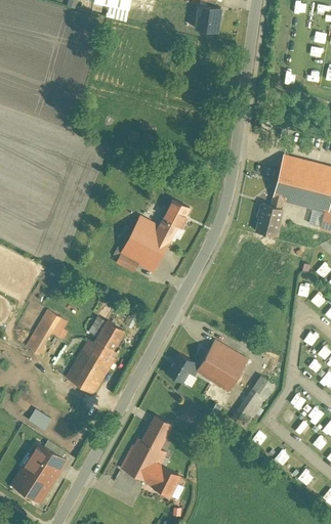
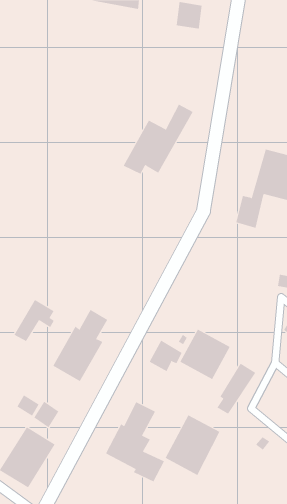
building: [115,200,188,272] -> [123,104,193,175]
building: none -> [34,401,59,428]
building: none -> [165,414,220,476]

